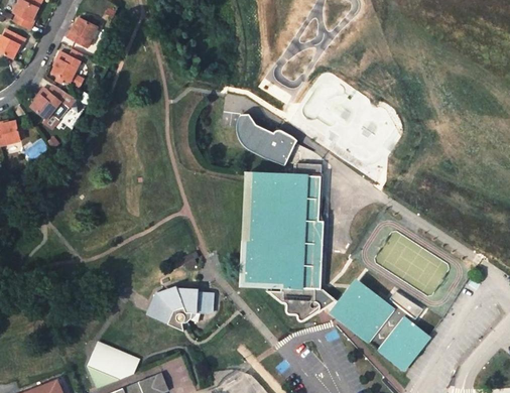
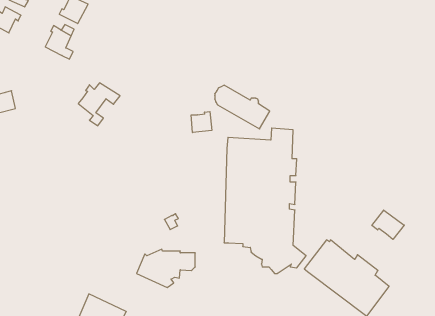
building: [30,85,76,131] -> [78,83,120,126]
building: none -> [191,112,212,133]
building: none -> [372,210,404,239]

